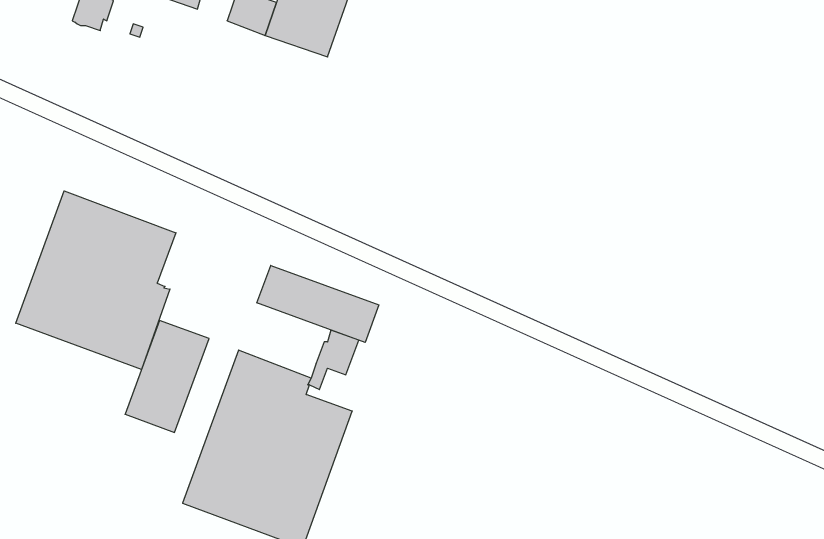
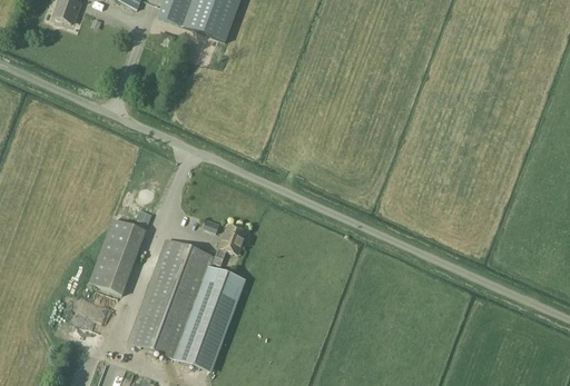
building: [16,191,176,370] -> none
building: [257,265,379,342] -> none

